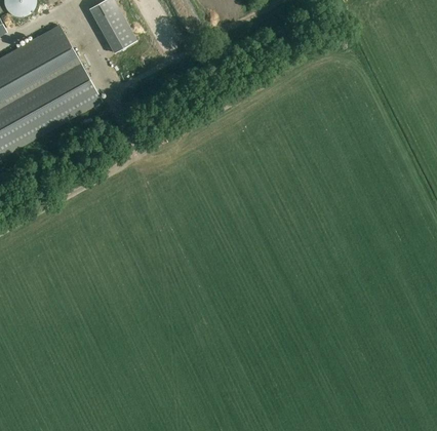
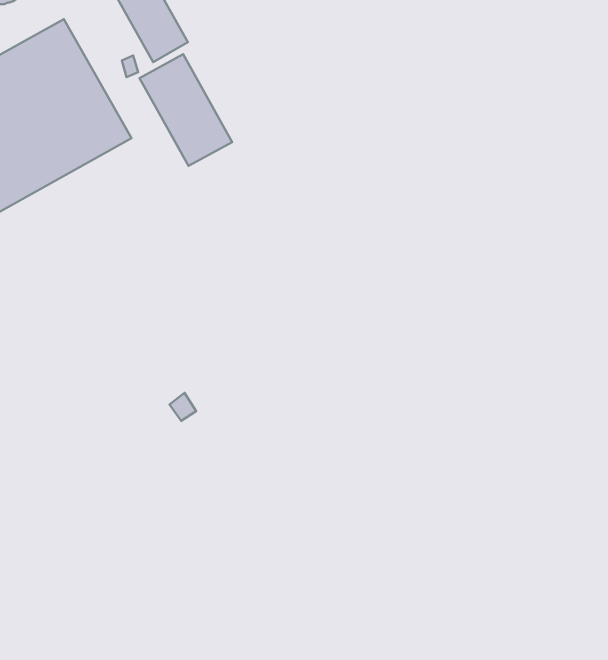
building: none -> [140,54,232,166]

